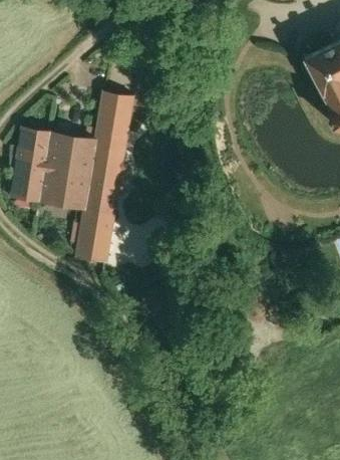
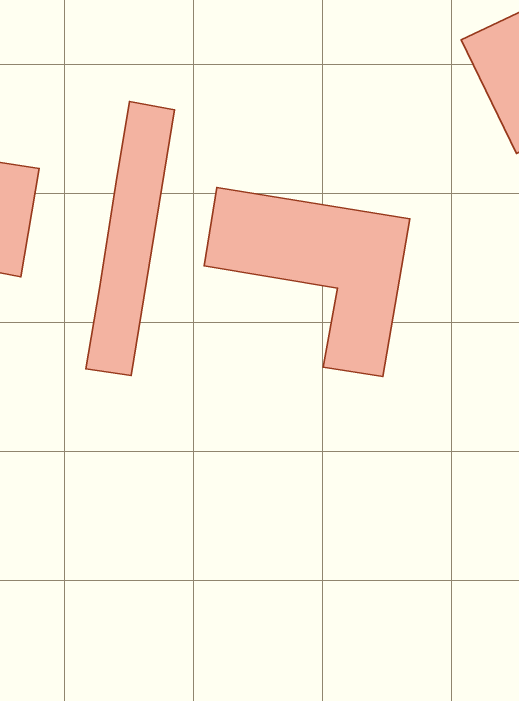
building: [38,135,95,207] -> none
building: none -> [204,187,410,376]

